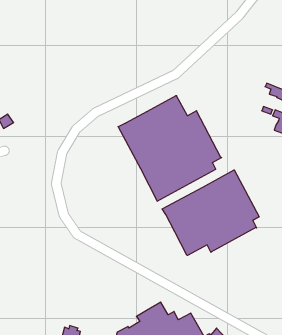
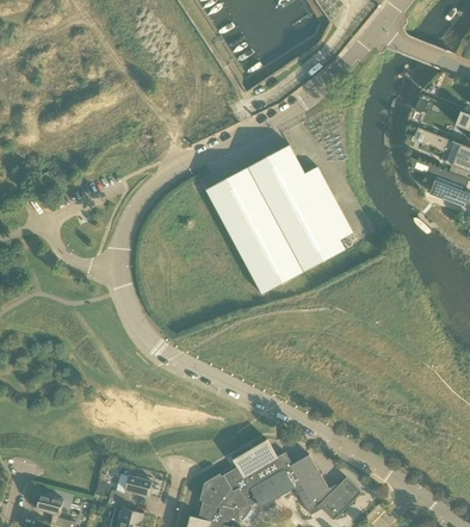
building: [162,170,259,255] -> none

